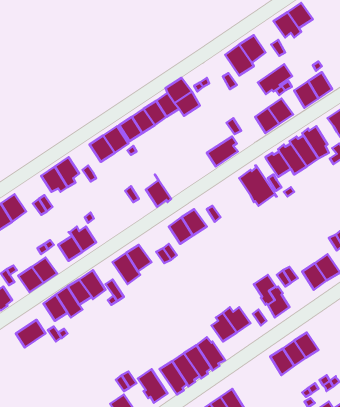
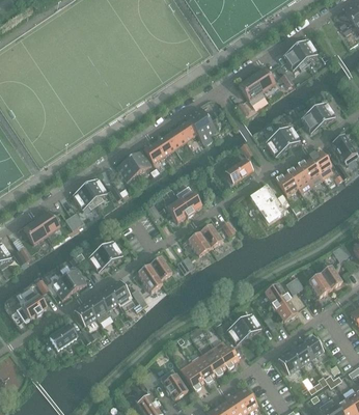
building: [258,64,292,94] -> none
building: none -> [175,186,201,216]

